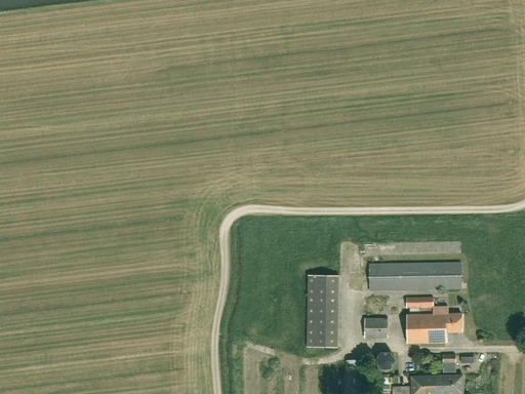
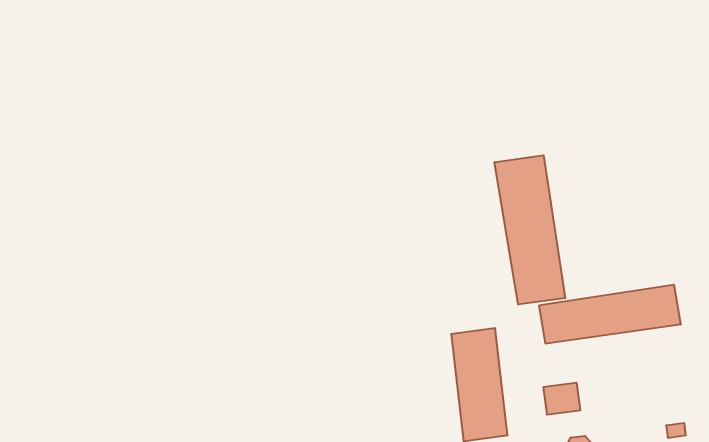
building: none -> [495,155,565,305]
building: [405,297,460,343] -> none

